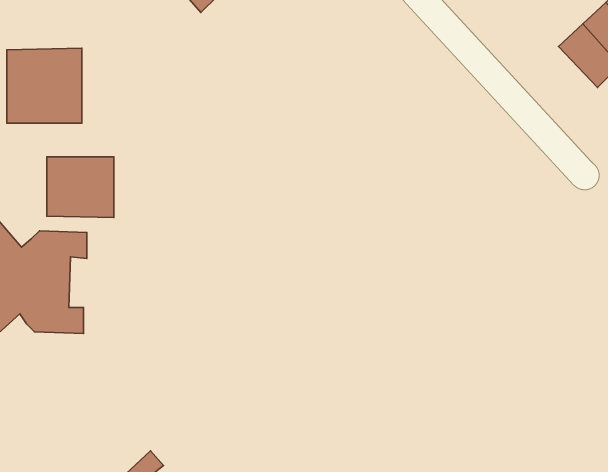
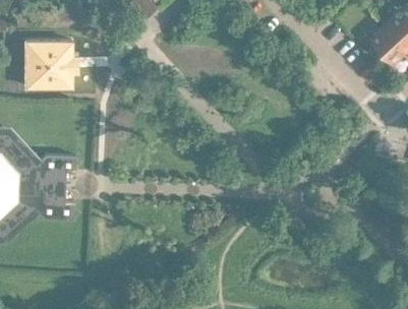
building: [47,157,114,217] -> none

